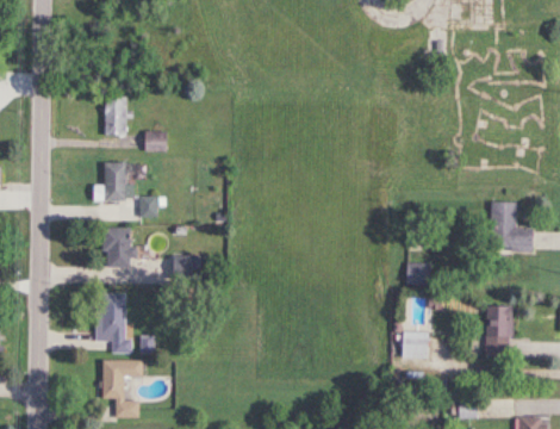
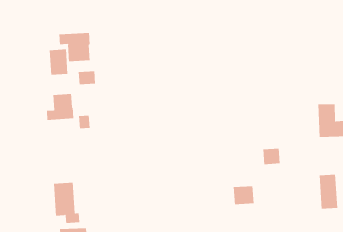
building: none -> [59,32,90,62]
building: [101,228,133,267] -> none
building: [399,331,429,358] -> [233,186,254,205]

